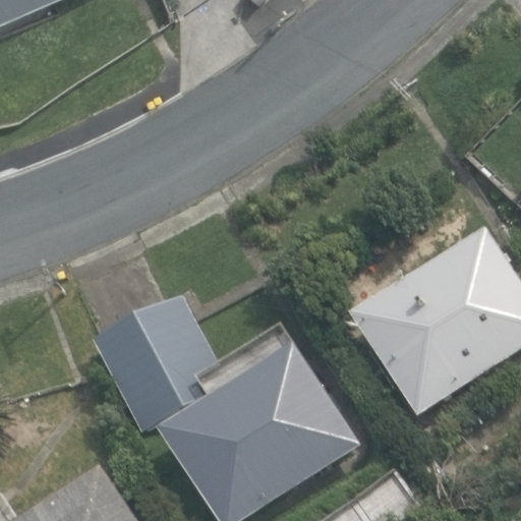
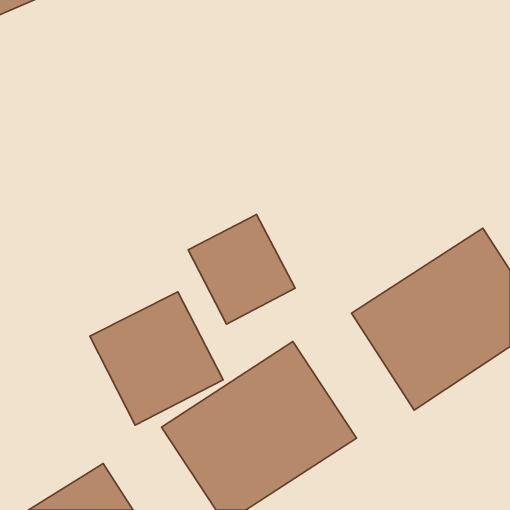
building: none -> [188,215,295,324]

